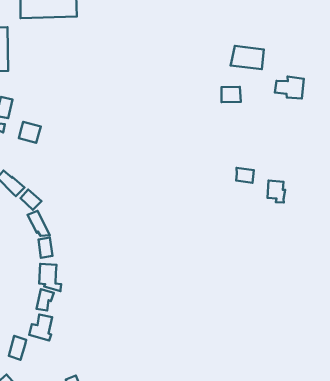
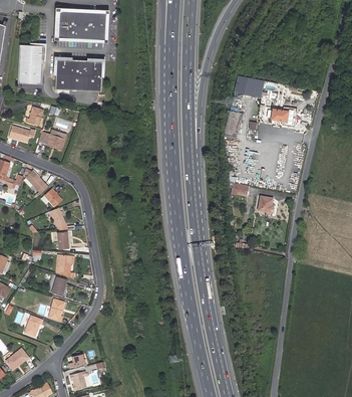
building: none -> [54,60,101,91]

